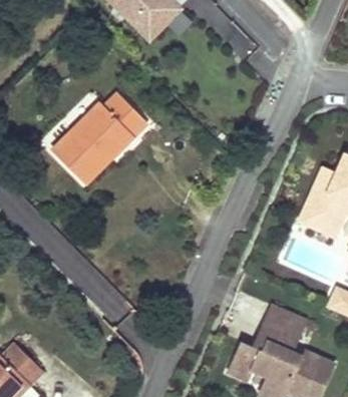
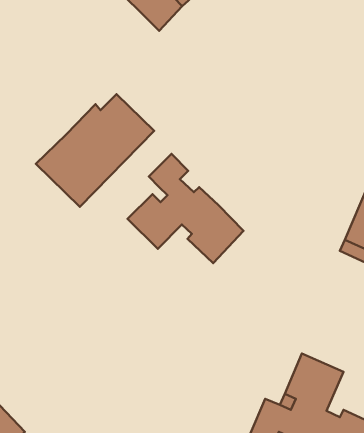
building: none -> [127,154,244,263]

